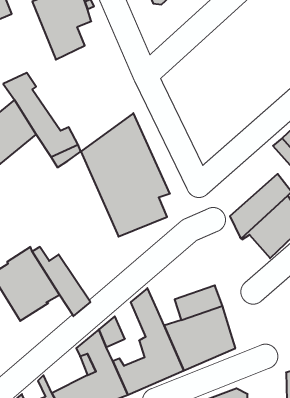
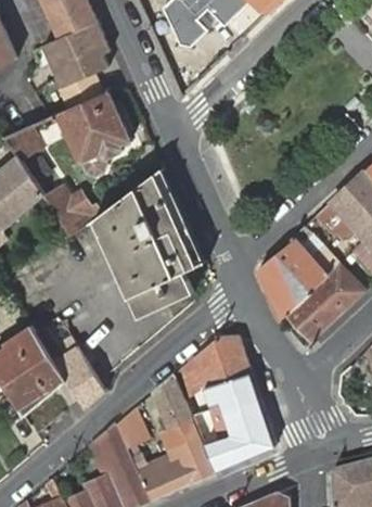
building: none -> [48,91,131,176]
building: none -> [257,223,315,292]
building: none -> [179,335,249,397]

